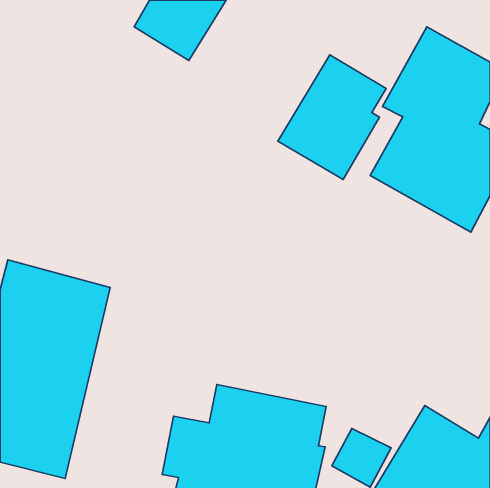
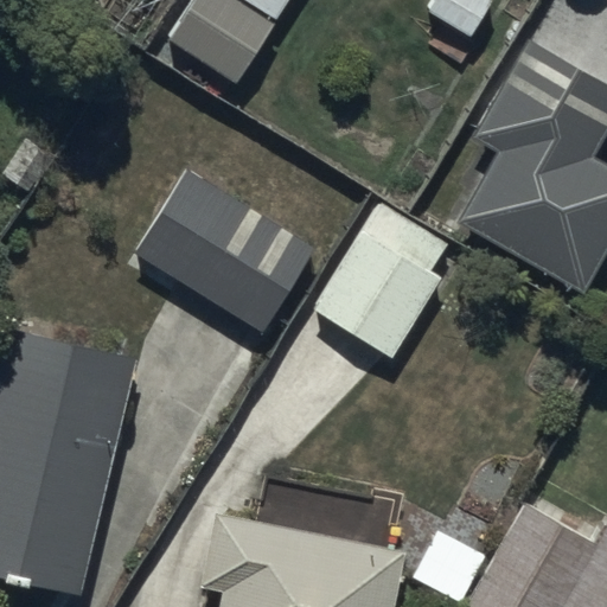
building: [278,55,386,180] -> [313,205,447,359]
building: none -> [132,170,312,331]

